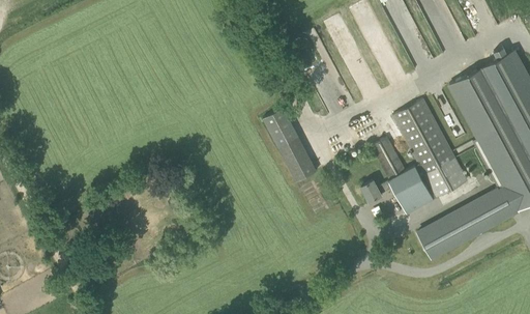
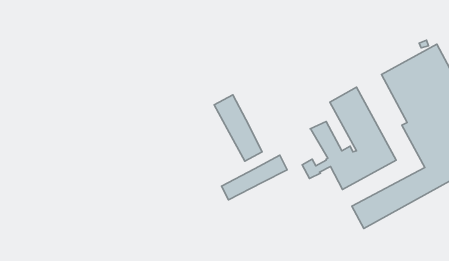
building: none -> [221,155,287,200]

